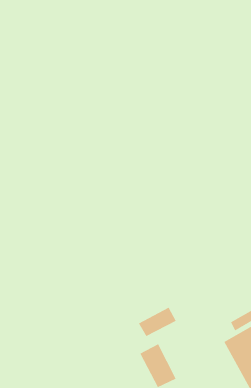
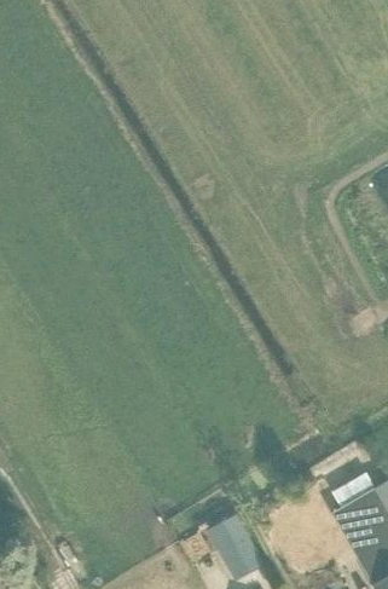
building: [138,307,176,337] -> none

